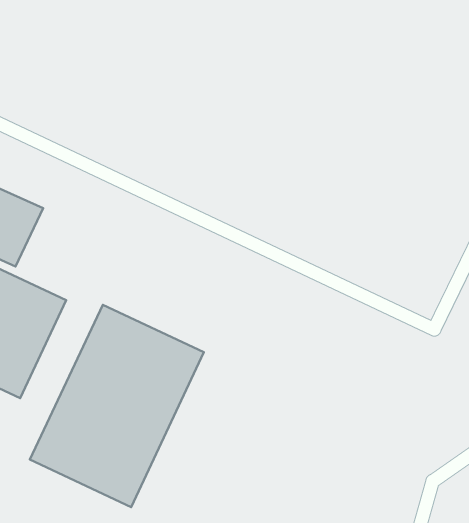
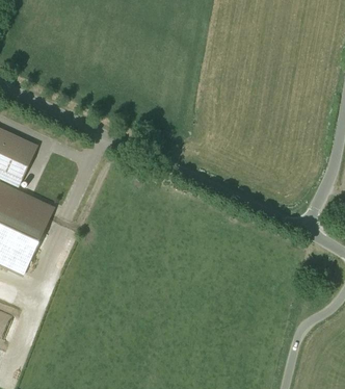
building: [30,305,204,507] -> none

